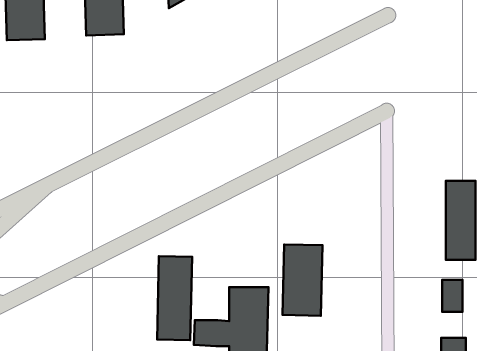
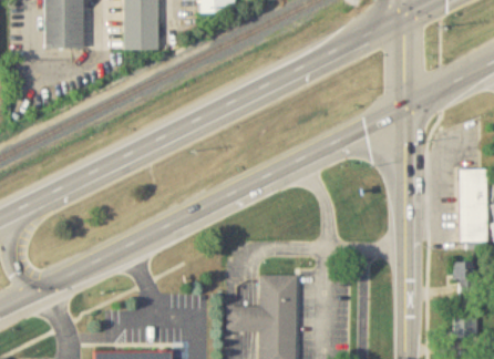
building: [282,244,322,316] -> none
building: [157,256,192,340] -> none

